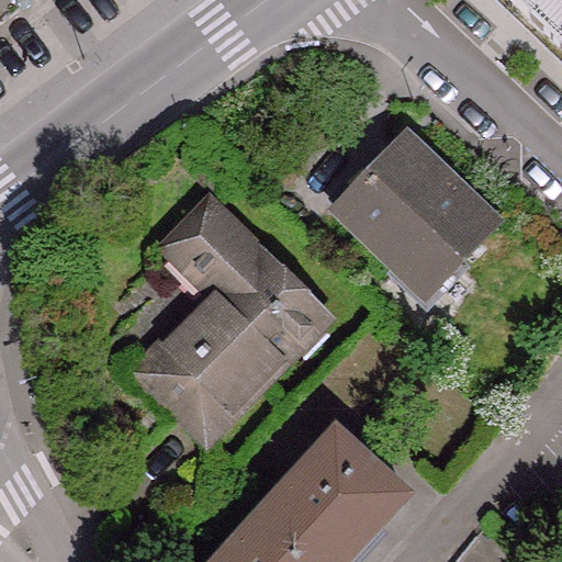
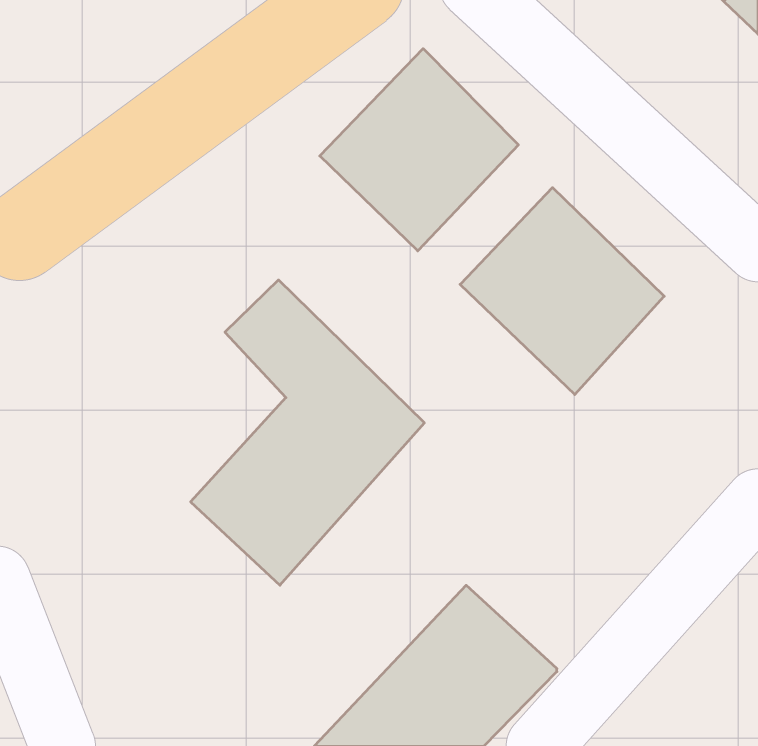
building: none -> [320,49,518,251]

